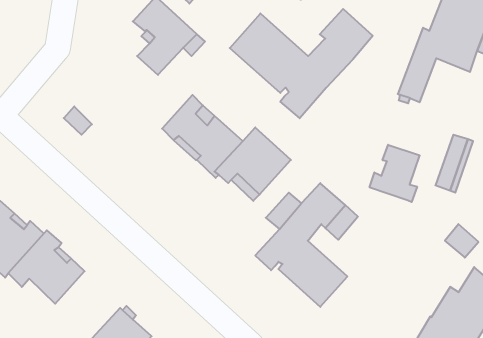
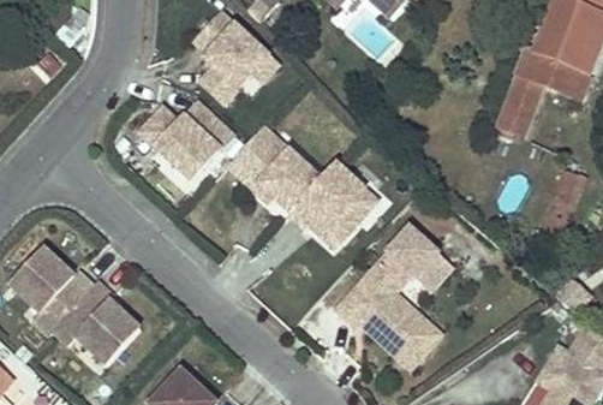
building: [230,9,373,118] -> none
building: none -> [139,101,232,178]
building: [370,145,420,202] -> none

